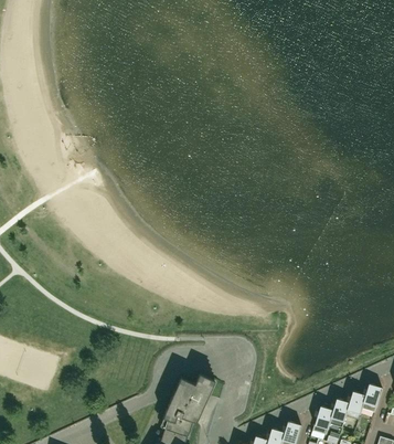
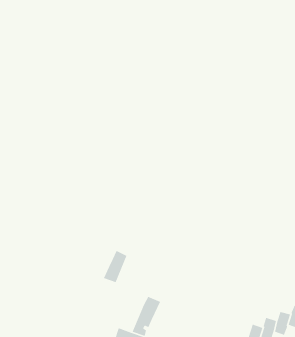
building: [167,377,195,415] -> [103,250,128,283]

